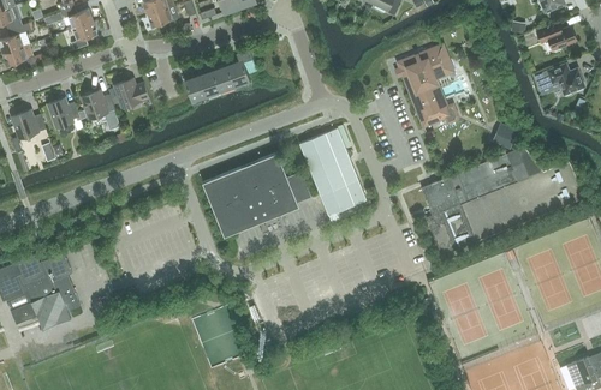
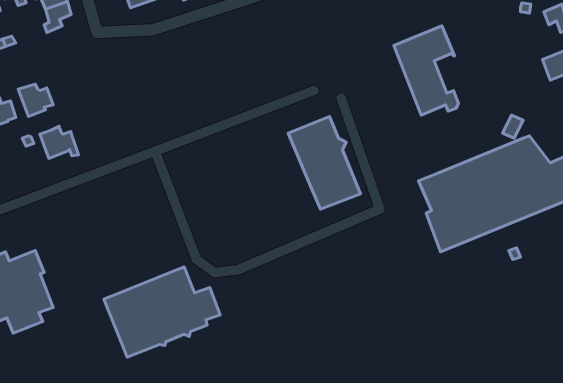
building: [184,49,256,102] -> none
building: [113,79,149,108] -> none
building: [81,90,117,120] -> [40,126,78,159]
building: [202,152,310,236] -> [104,267,220,357]

